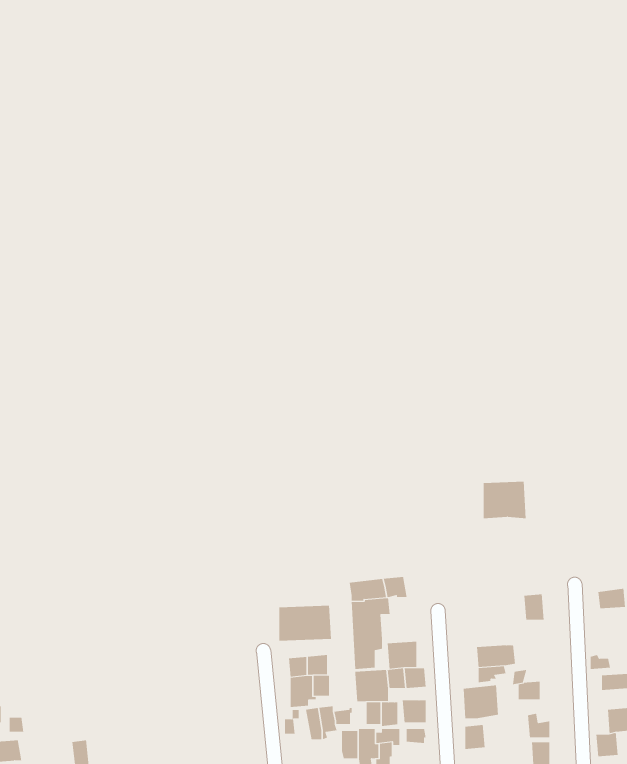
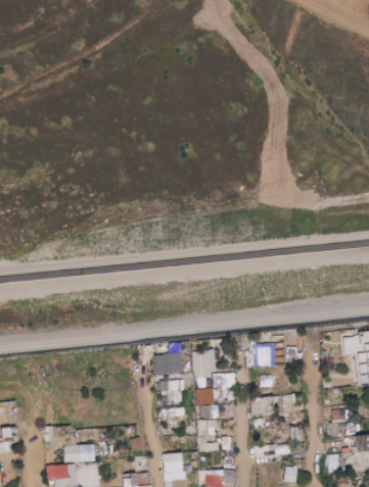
building: [483,481,526,519] -> [251,343,275,363]

